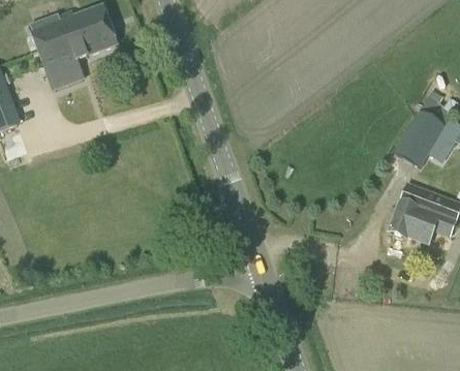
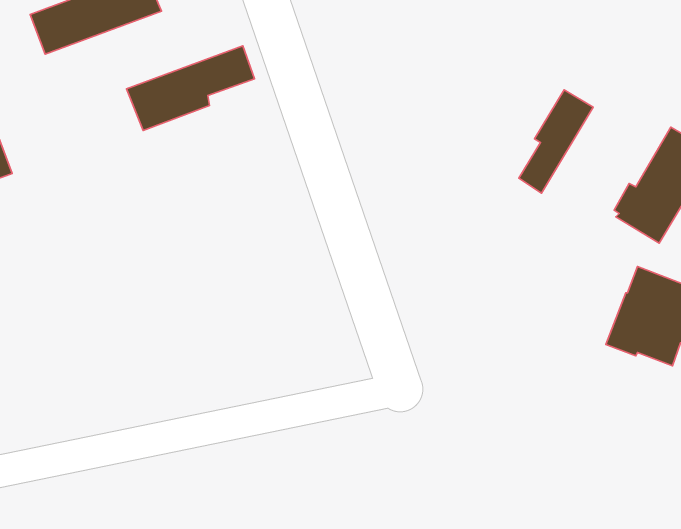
building: [39,24,119,76] -> [127,46,254,130]
building: none -> [519,90,593,193]

